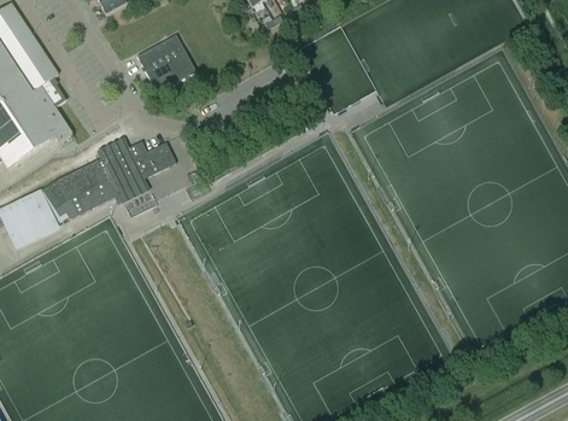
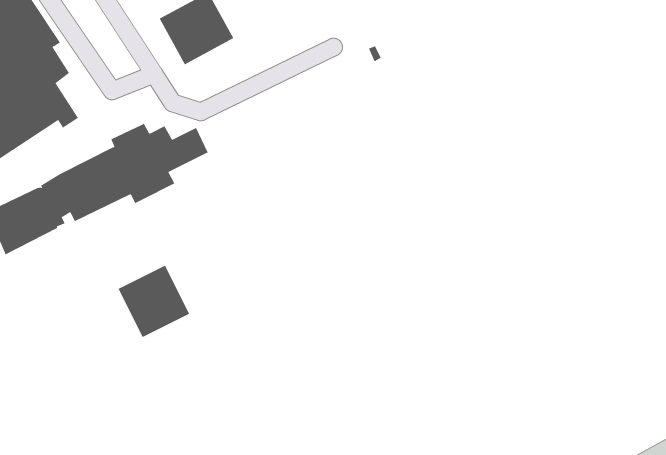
building: none -> [118,265,190,338]

